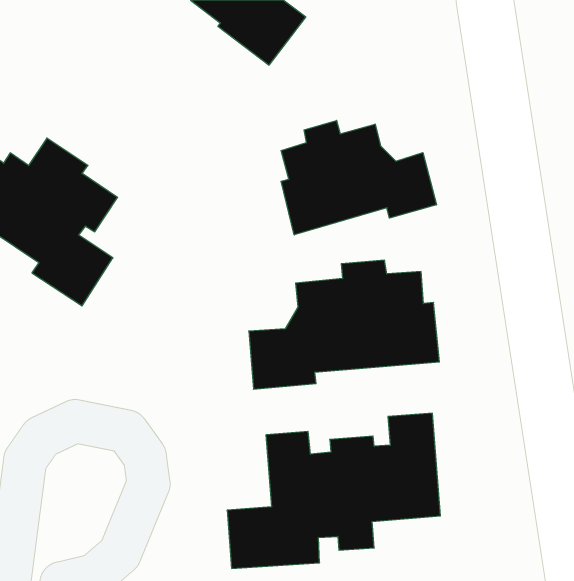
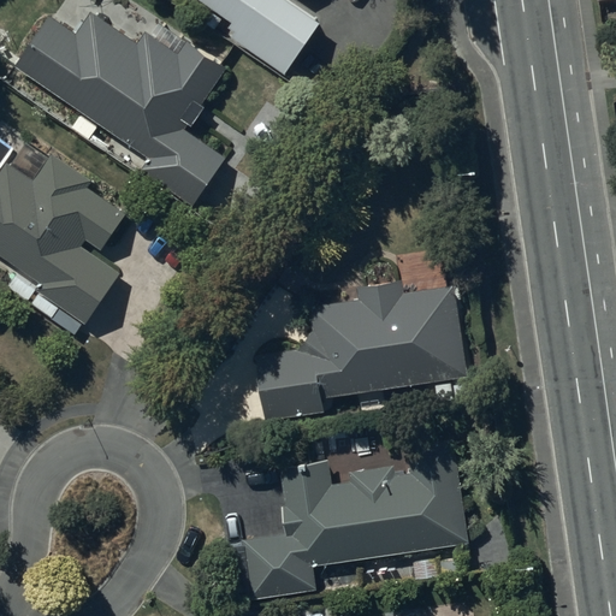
building: none -> [10,13,227,203]
building: [281,120,436,235] -> none

